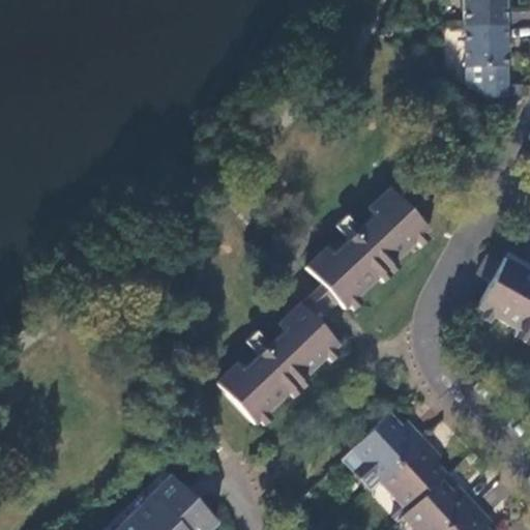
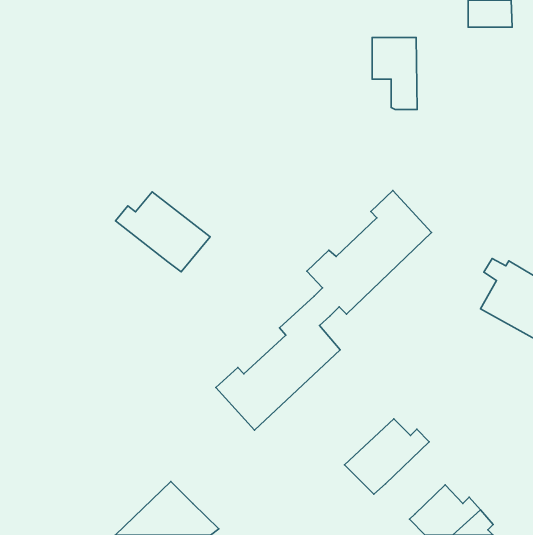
building: [465,27,509,98] -> [372,37,417,110]
building: none -> [116,192,210,272]
building: [383,437,448,508] -> none

